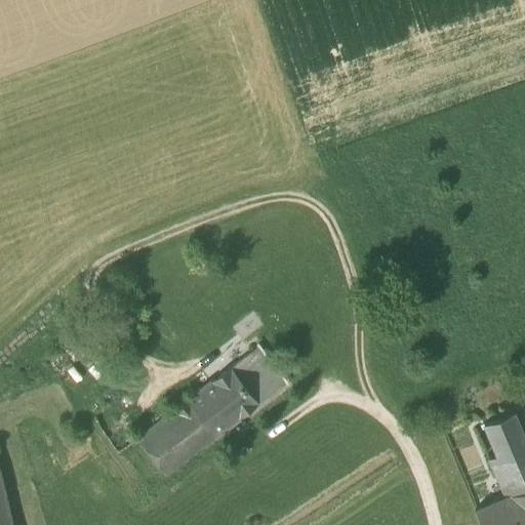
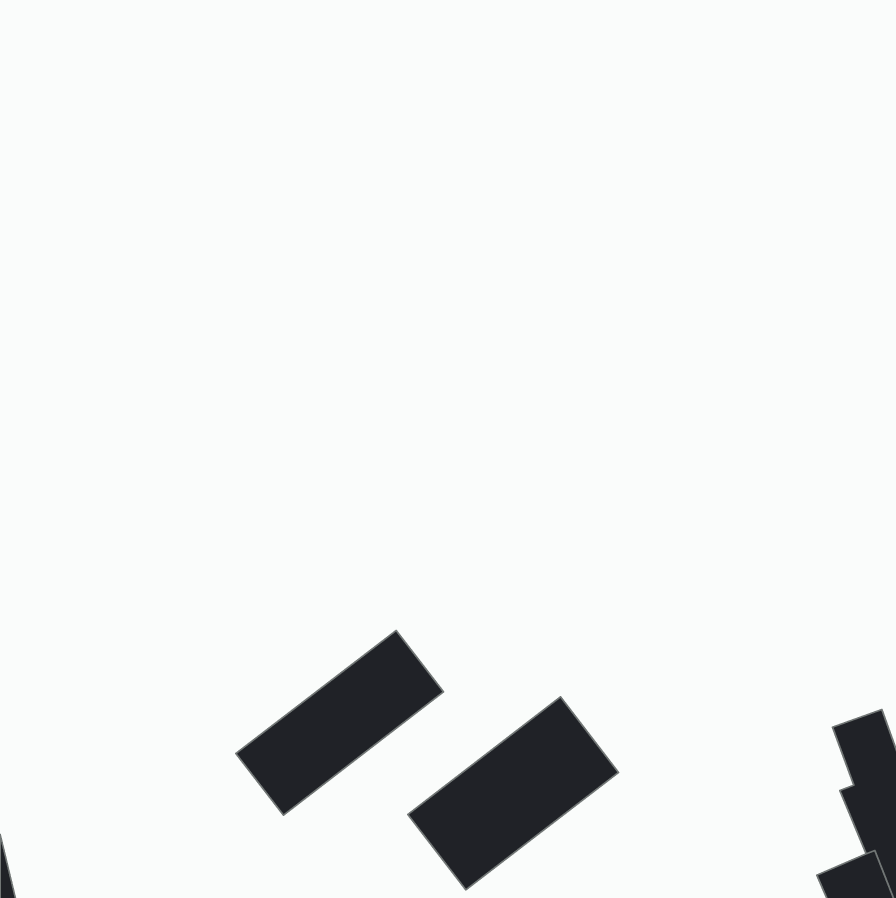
building: [233,351,283,404] -> none
building: none -> [408,697,619,890]

